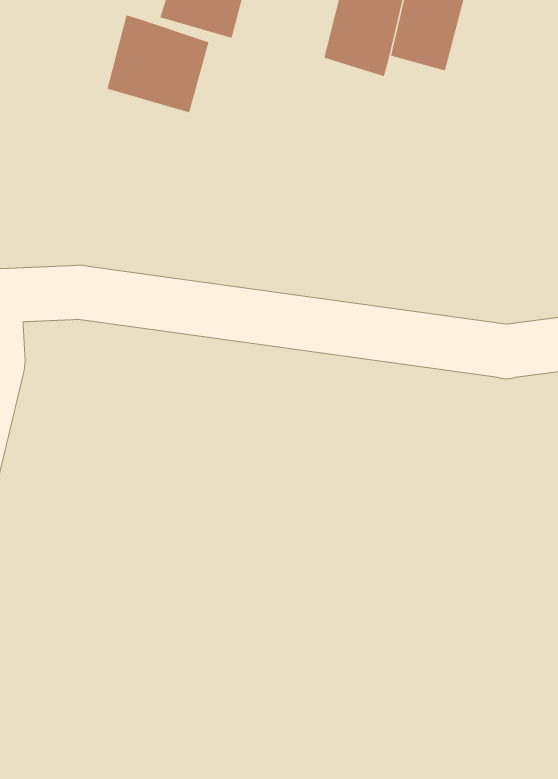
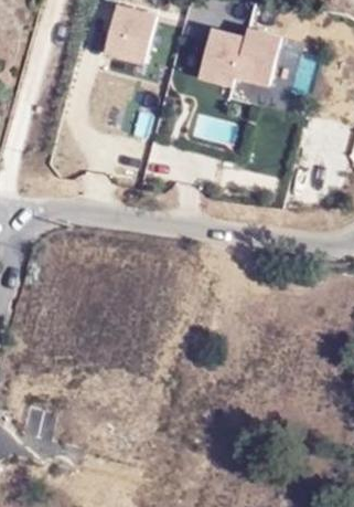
building: [107,15,209,113] -> none

